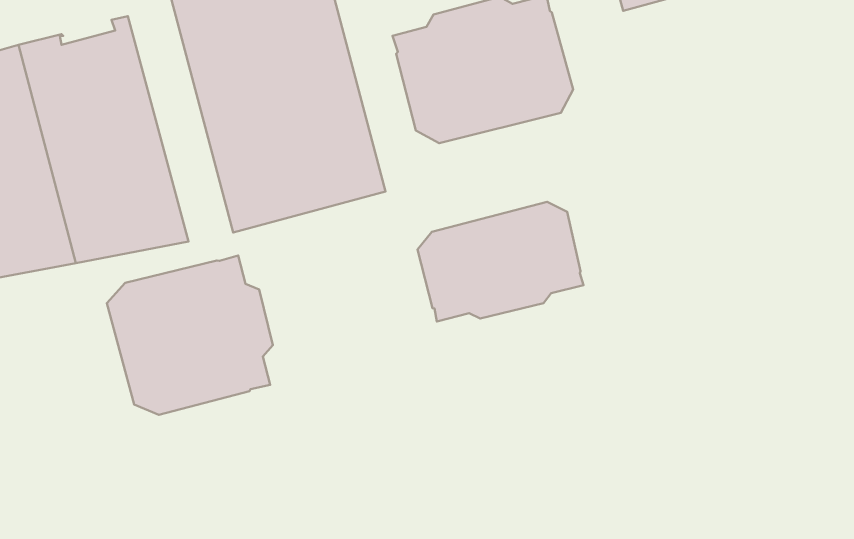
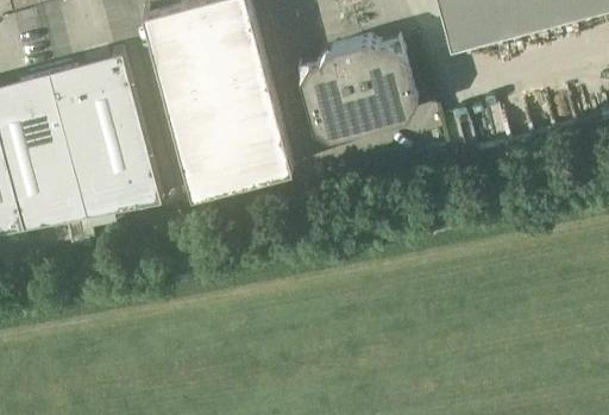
building: [417,202,583,321] -> none
building: [107,255,273,415] -> none

